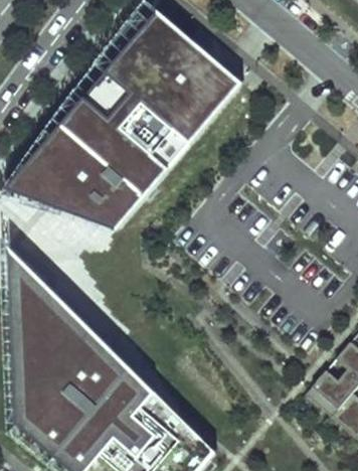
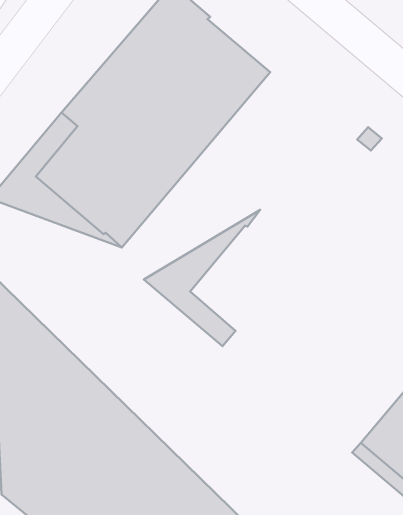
building: none -> [144,210,260,346]

